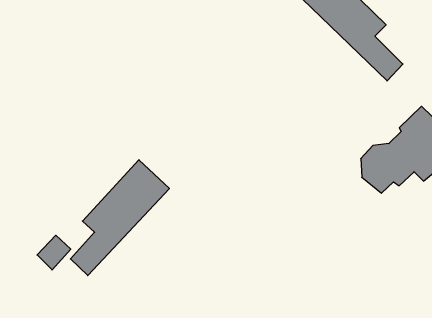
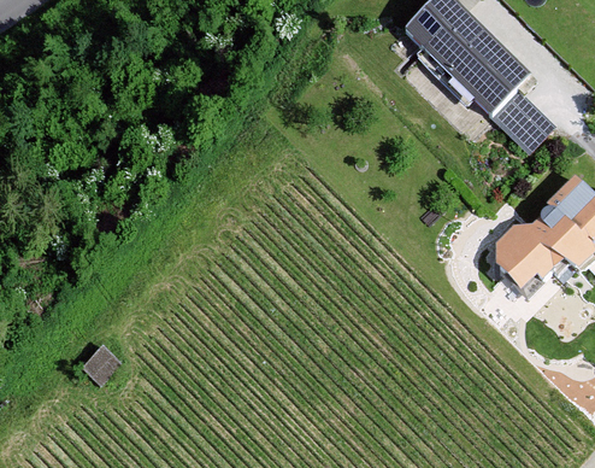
building: [70,160,169,276] -> none

